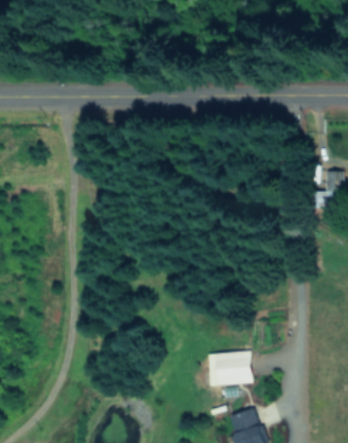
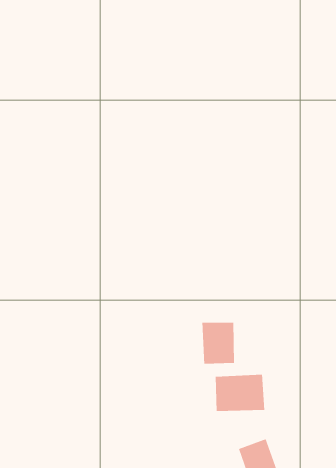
building: none -> [202,322,234,365]

